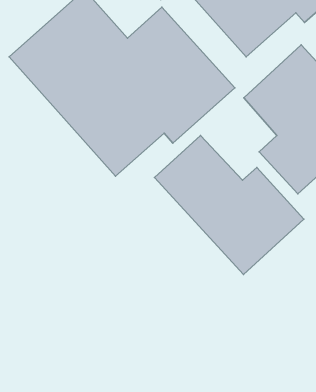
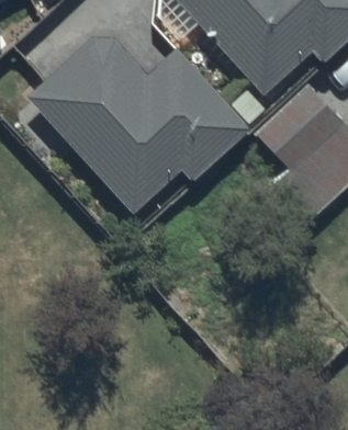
building: [154,136,304,275] -> none

